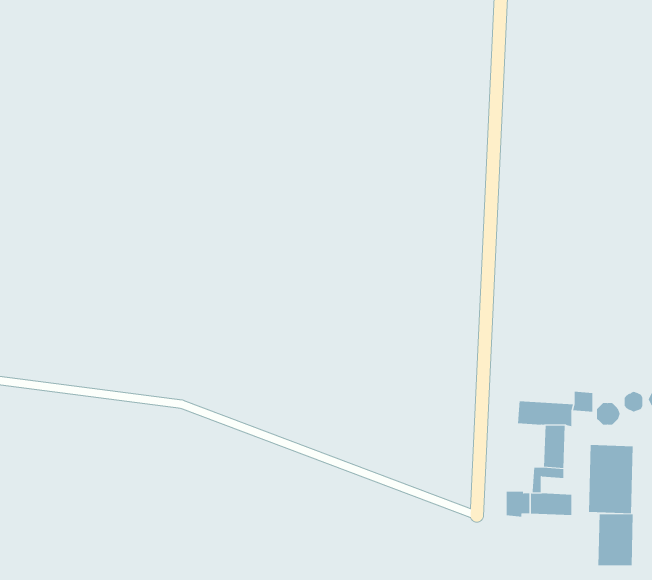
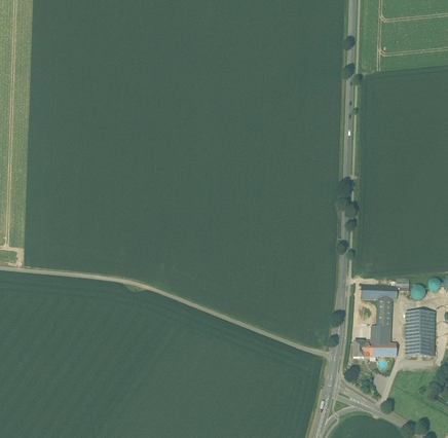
building: [598,514,633,566] -> none

